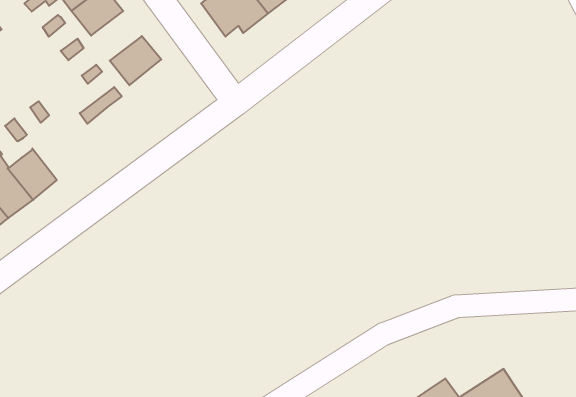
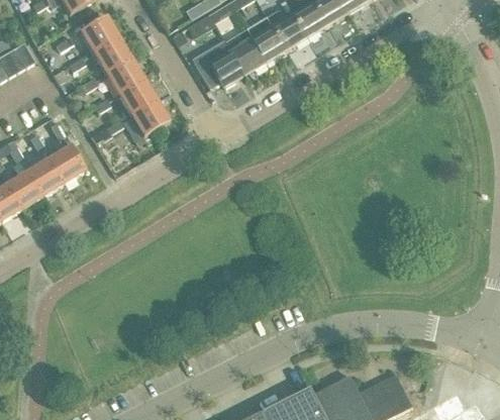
building: none -> [105,59,144,96]
building: none -> [130,100,170,137]
building: none -> [48,145,86,185]

